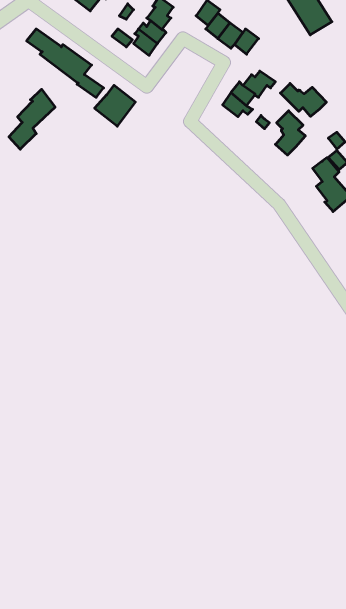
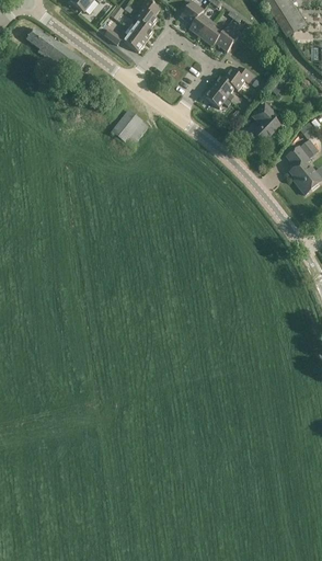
building: [280,83,326,116] -> none
building: [95,85,135,126] -> [110,110,147,147]
building: [9,89,55,149] -> none

